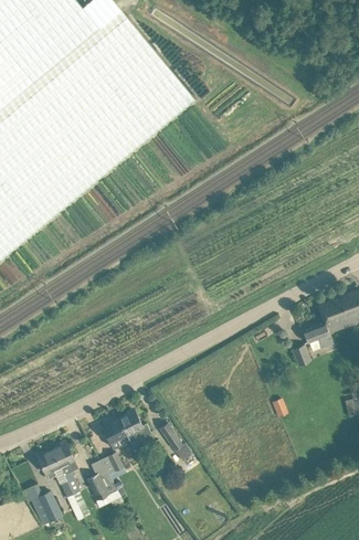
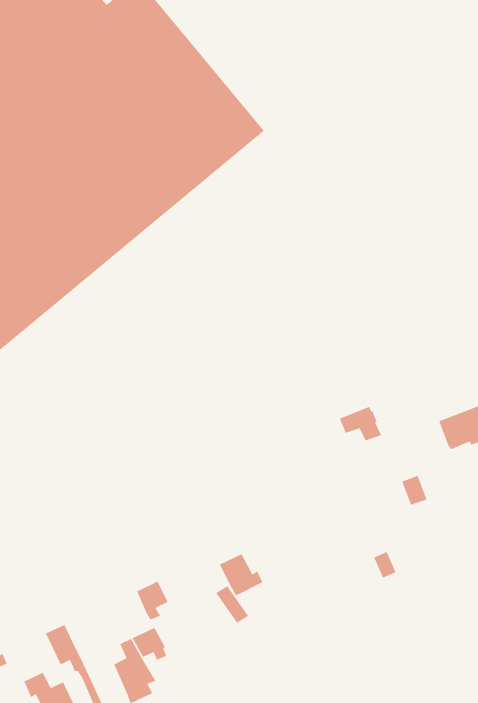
building: [303,322,334,348] -> [339,406,382,442]
building: [118,411,150,442] -> [219,553,264,597]
building: [52,443,78,494] -> none

